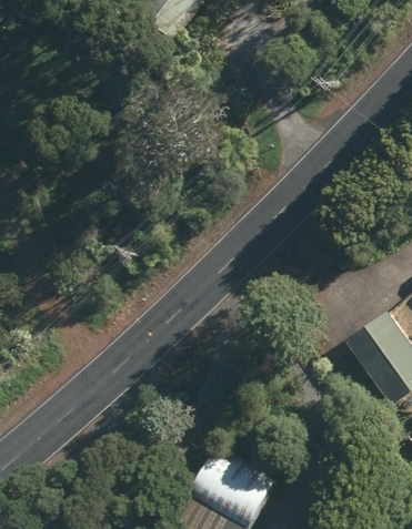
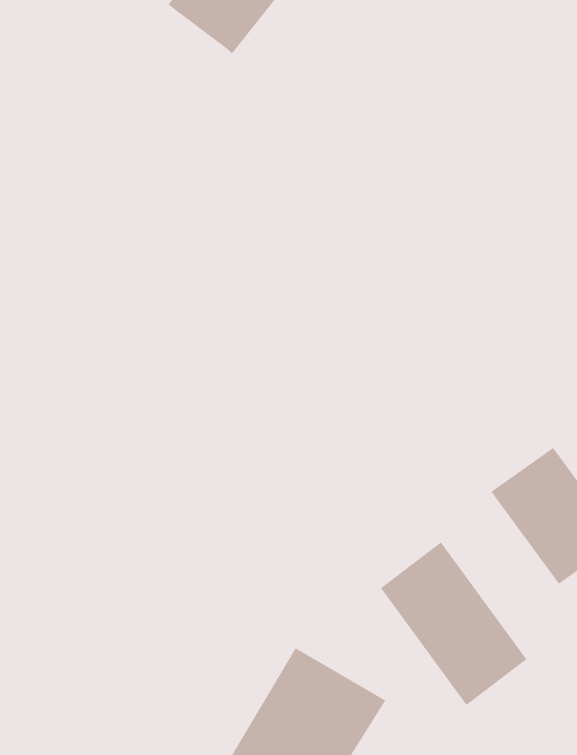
building: none -> [380,541,527,706]

